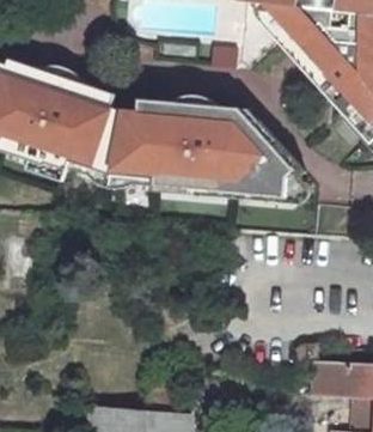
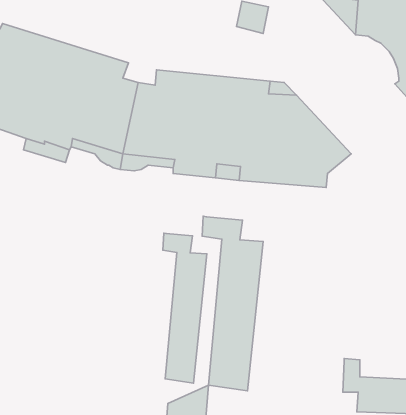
building: none -> [202,216,263,391]
building: none -> [163,233,207,383]

